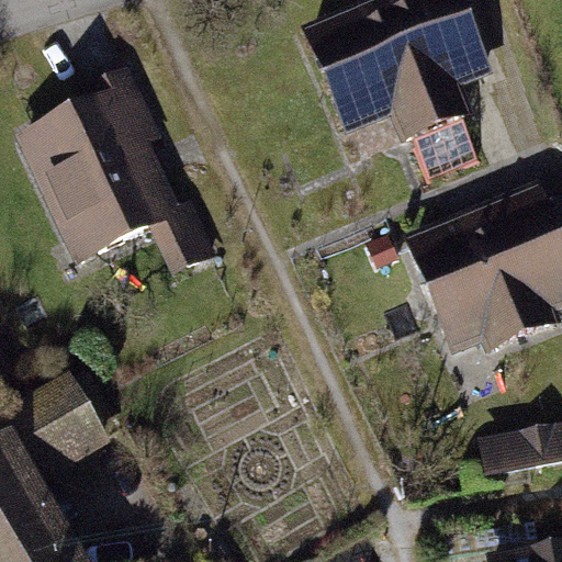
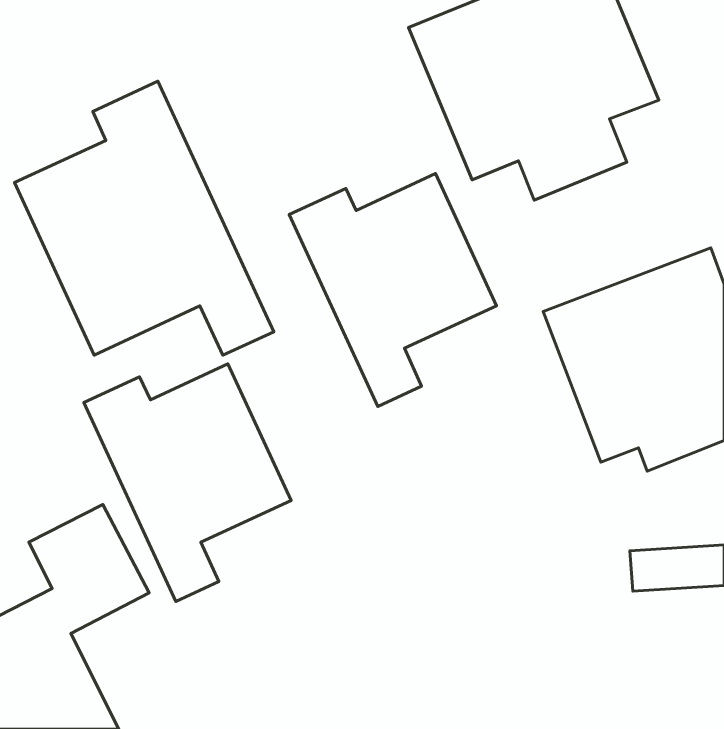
building: none -> [289,174,497,407]
building: none -> [84,364,291,602]

